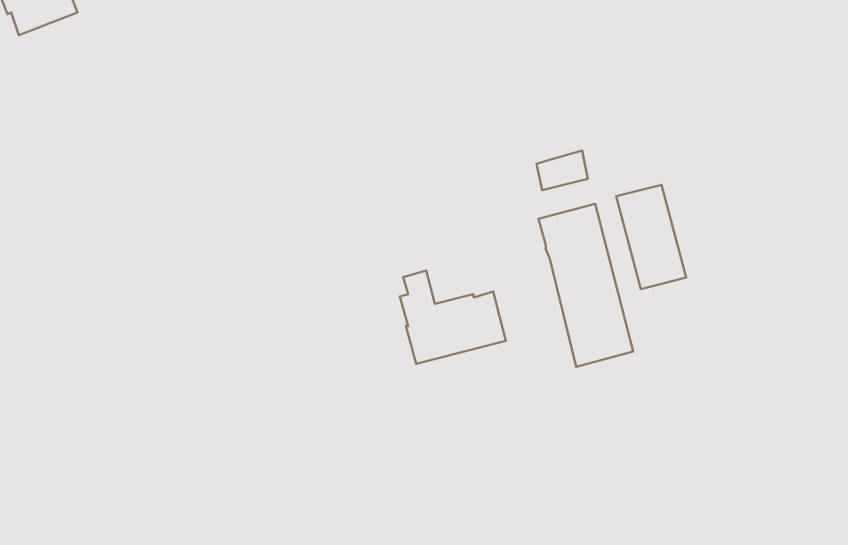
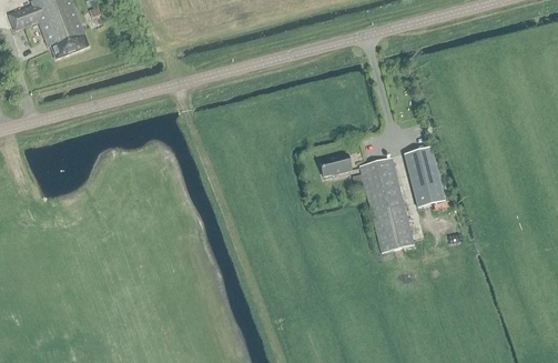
building: [537,150,588,190] -> [319,151,349,174]
building: [400,271,506,364] -> none

